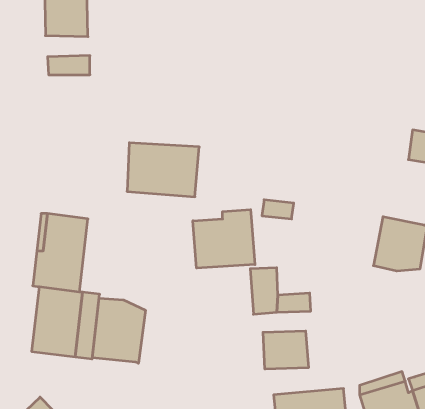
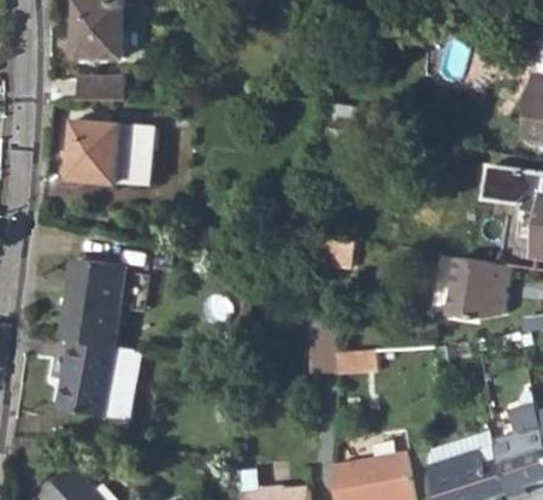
building: [127,143,199,197] -> [70,120,152,182]
building: [193,210,255,268] -> none
building: [92,298,145,363] -> none
building: [263,331,308,369] -> none

